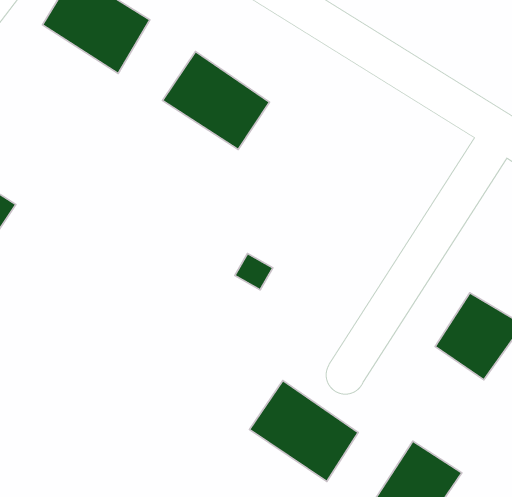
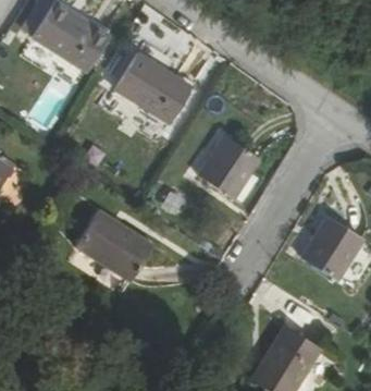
building: none -> [201,138,258,198]
building: [250,380,358,481] -> [78,210,153,280]

